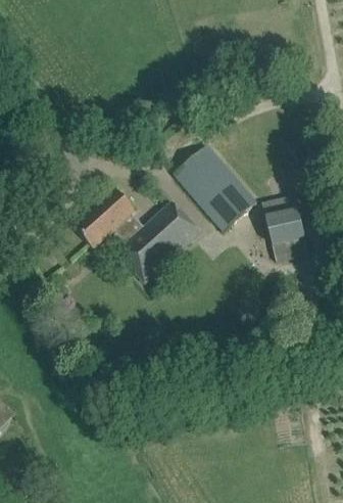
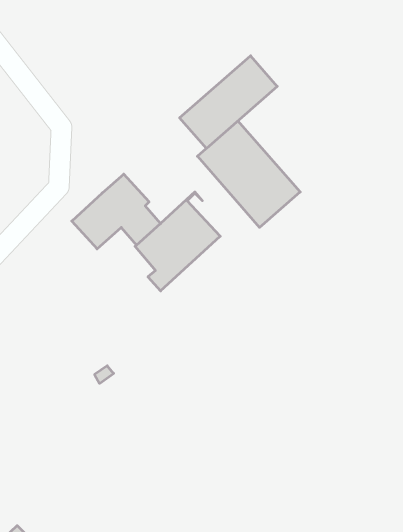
building: none -> [180,56,277,148]
building: [261,196,308,261] -> none

